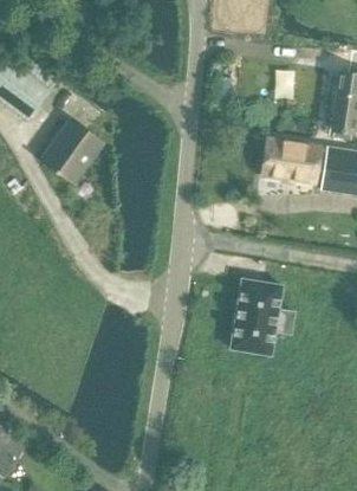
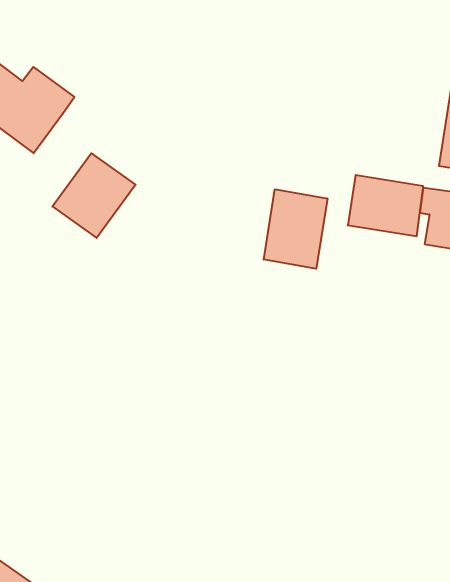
building: none -> [264,189,327,269]
building: [231,278,294,354] -> none

